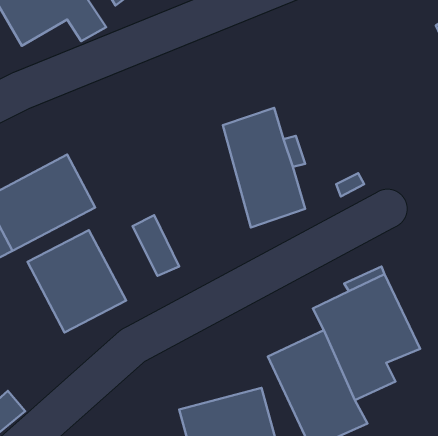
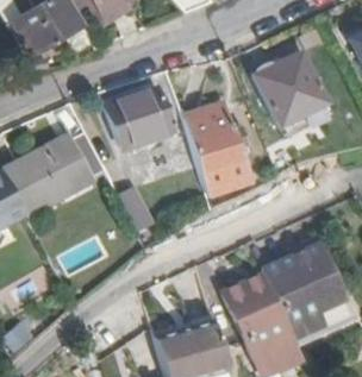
building: none -> [254,52,327,127]
building: none -> [107,87,175,149]
building: [27,230,126,332] -> none

